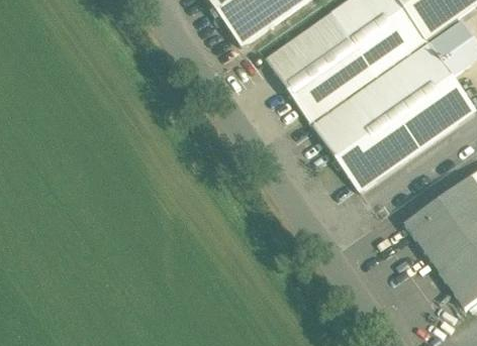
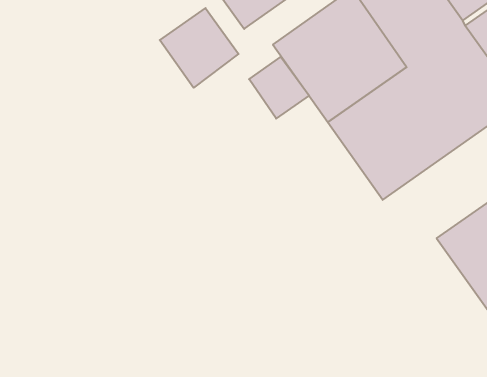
building: none -> [160,8,239,88]
building: none -> [249,57,309,119]

